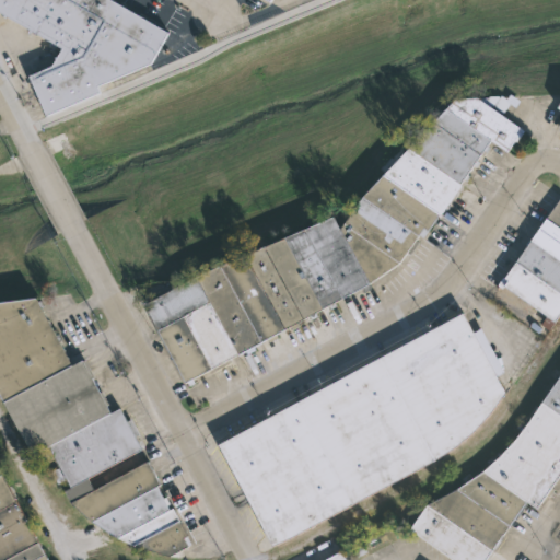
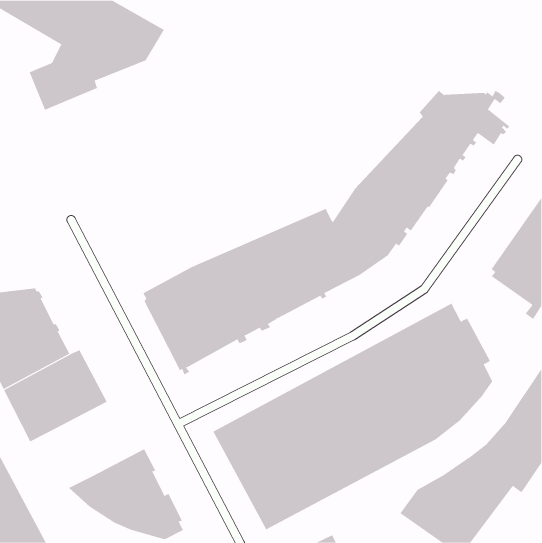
building: [48,409,140,502] -> none

